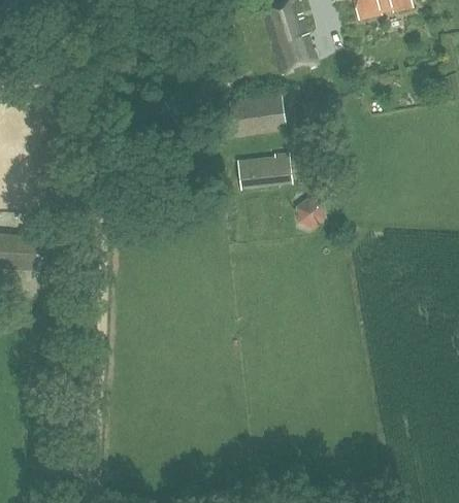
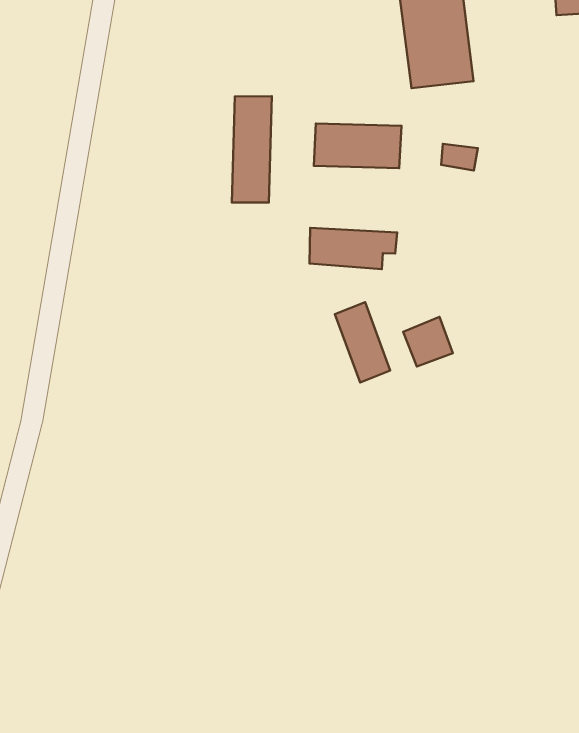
building: none -> [232,96,272,202]
building: none -> [335,302,390,383]

